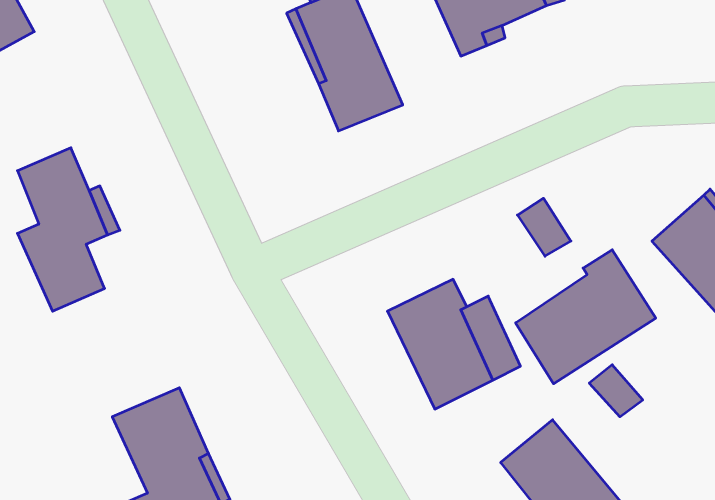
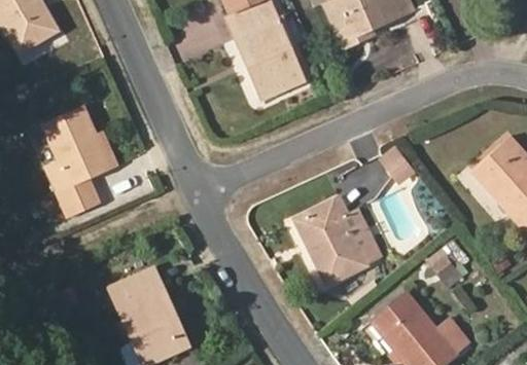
building: [516,250,656,384] -> none

